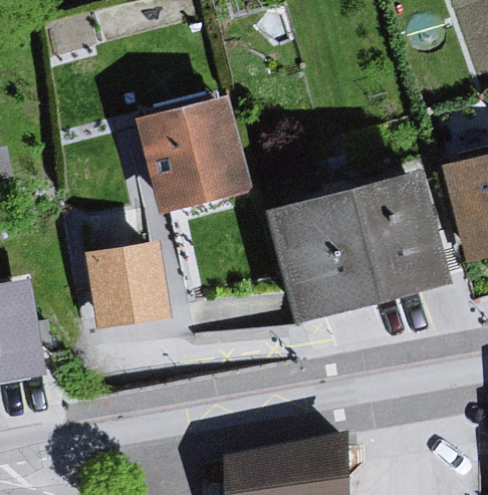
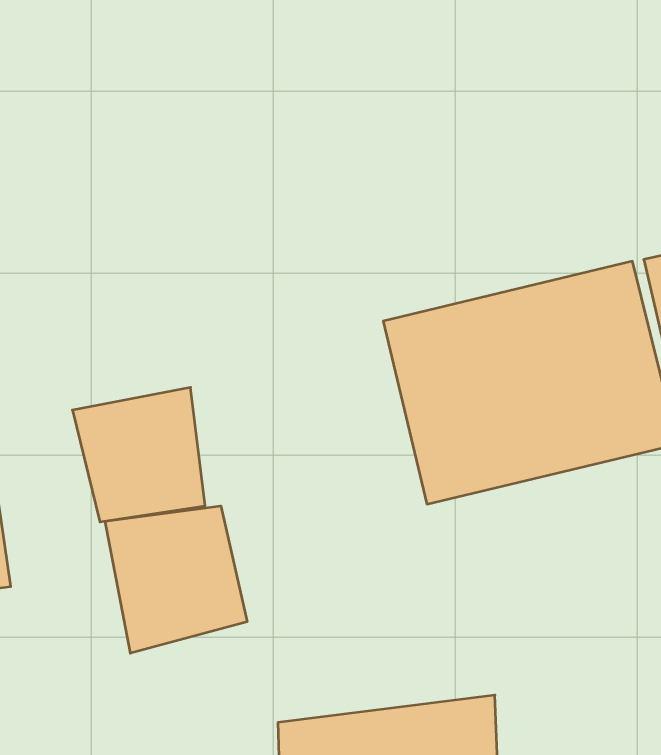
building: [124,95,248,217] -> none
building: none -> [105,506,247,653]

